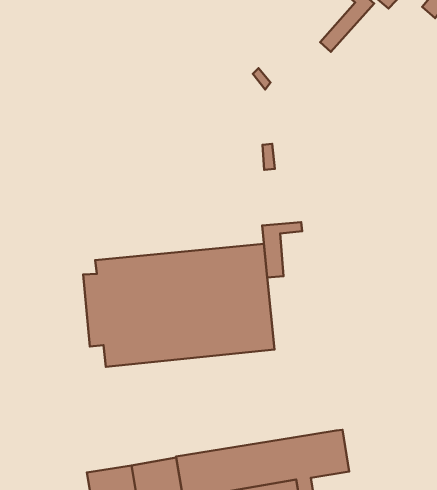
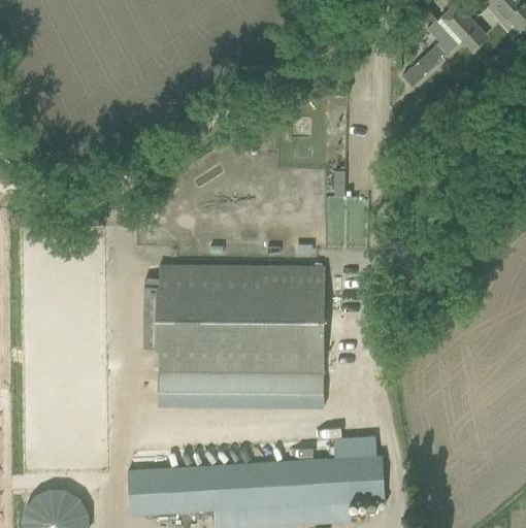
building: [262,222,302,278] -> none
building: none -> [158,371,324,406]
building: none -> [332,440,375,460]

